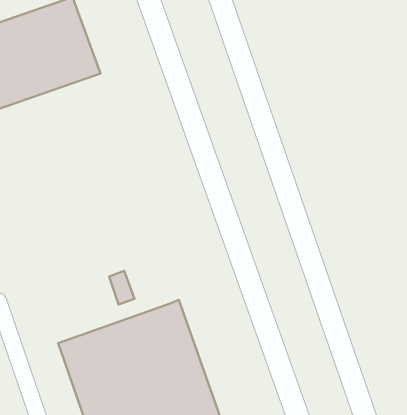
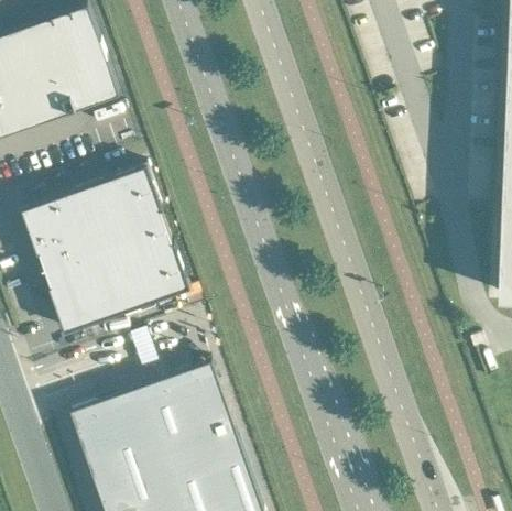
building: none -> [21,165,190,334]

